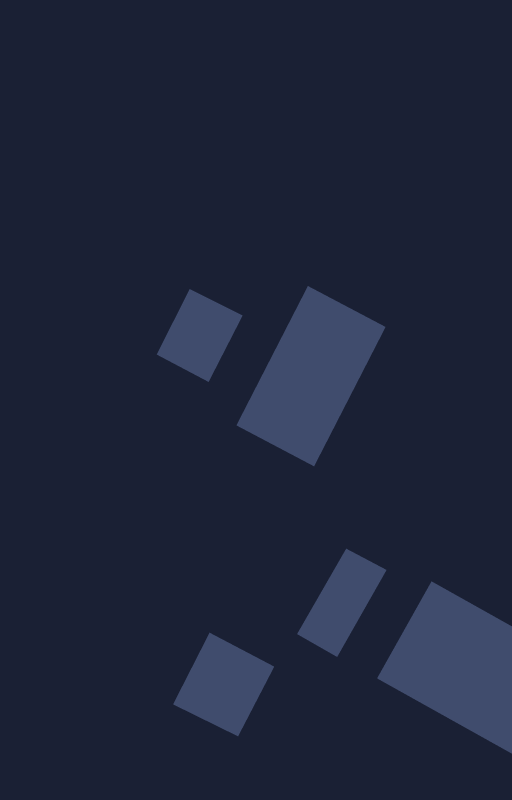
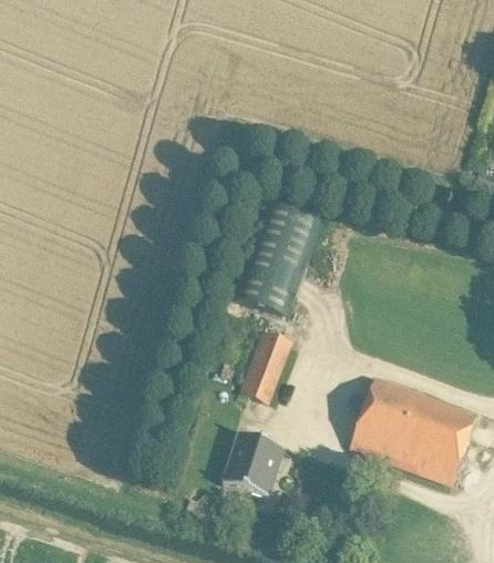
building: [156,288,244,383] -> none
building: [296,548,388,658] -> [239,331,291,402]

